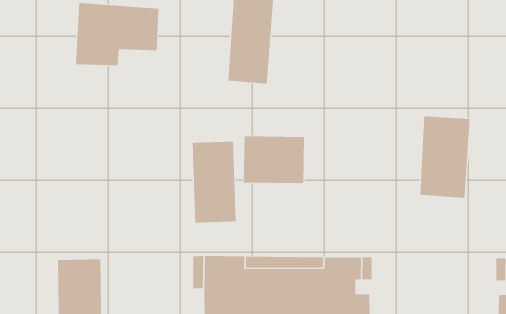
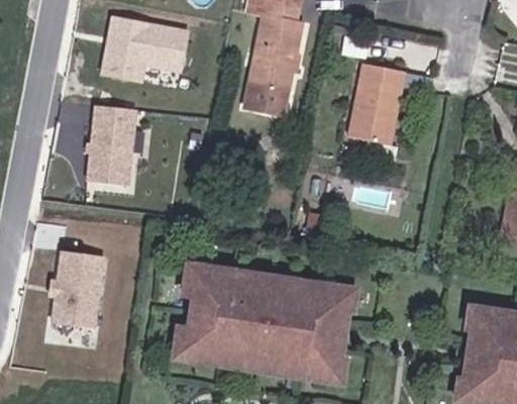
building: [419,116,470,198] -> [347,63,405,145]
building: [243,136,304,184] -> none
building: [192,141,236,223] -> [89,106,136,186]

